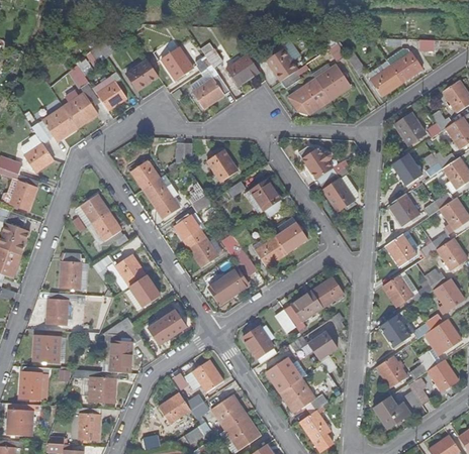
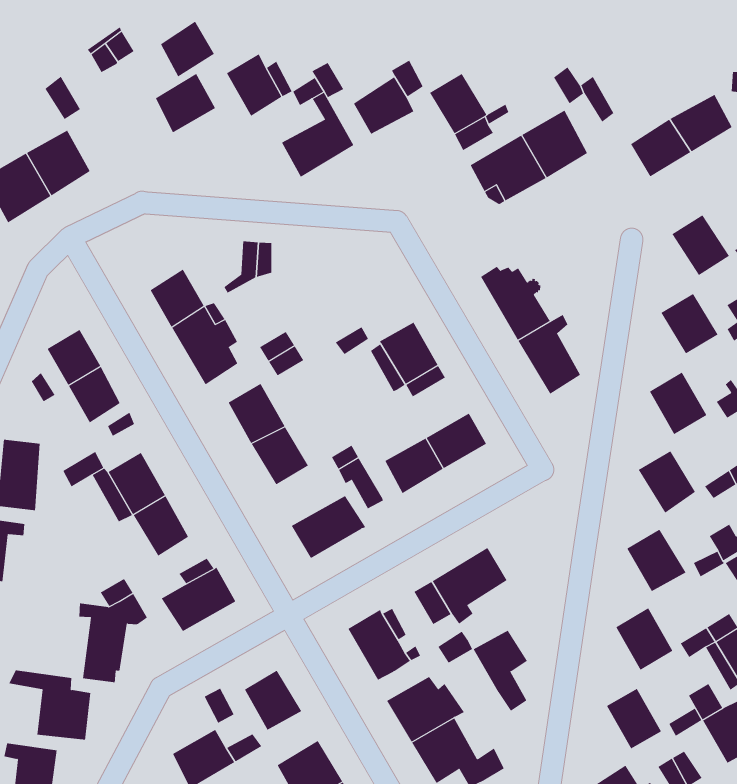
building: [97,81,125,110] -> [160,21,215,77]
building: [207,150,238,182] -> none
building: [311,277,343,307] -> none

